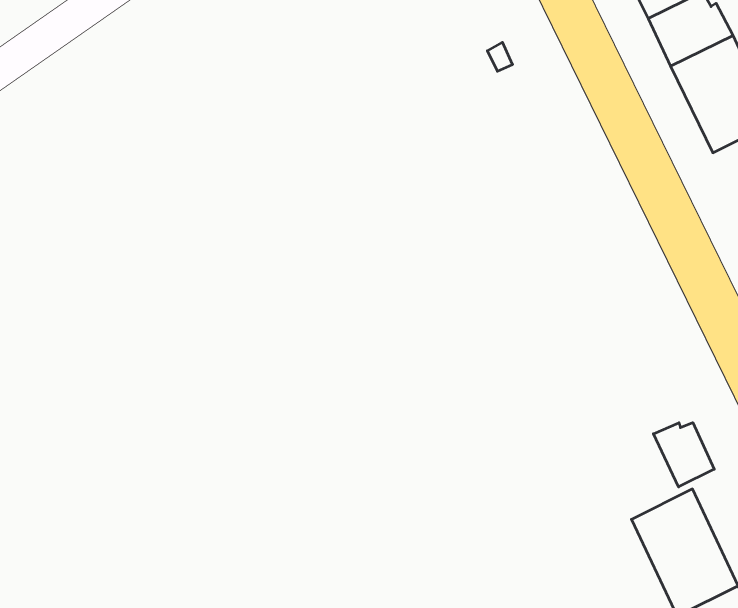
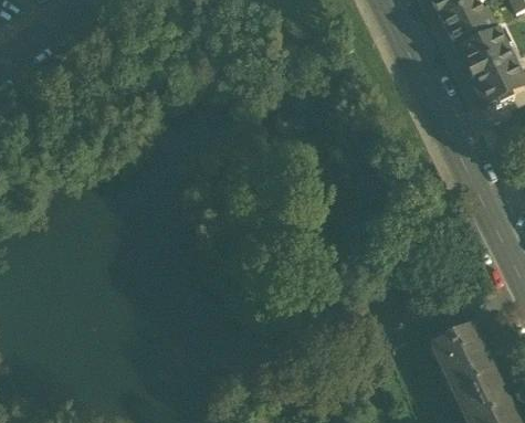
building: [653,423,714,487] -> none

